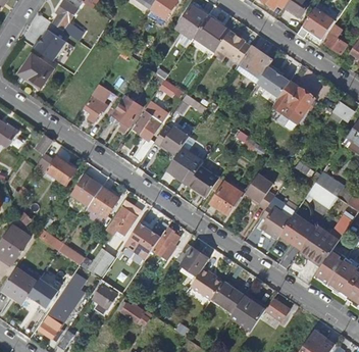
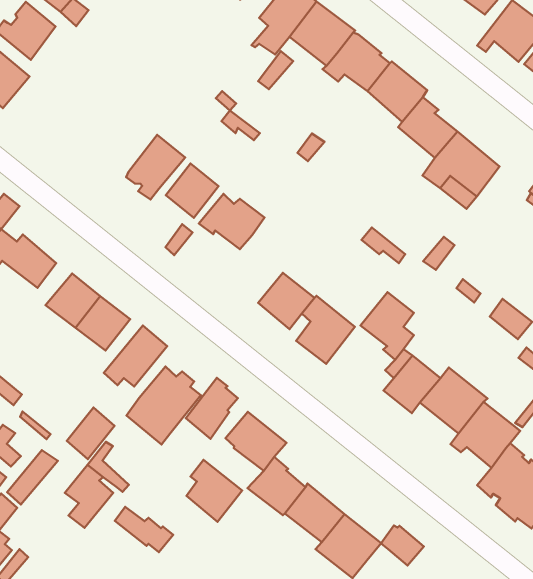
building: [84,84,113,121] -> none
building: [166,147,203,184] -> none
building: none -> [187,460,242,522]

